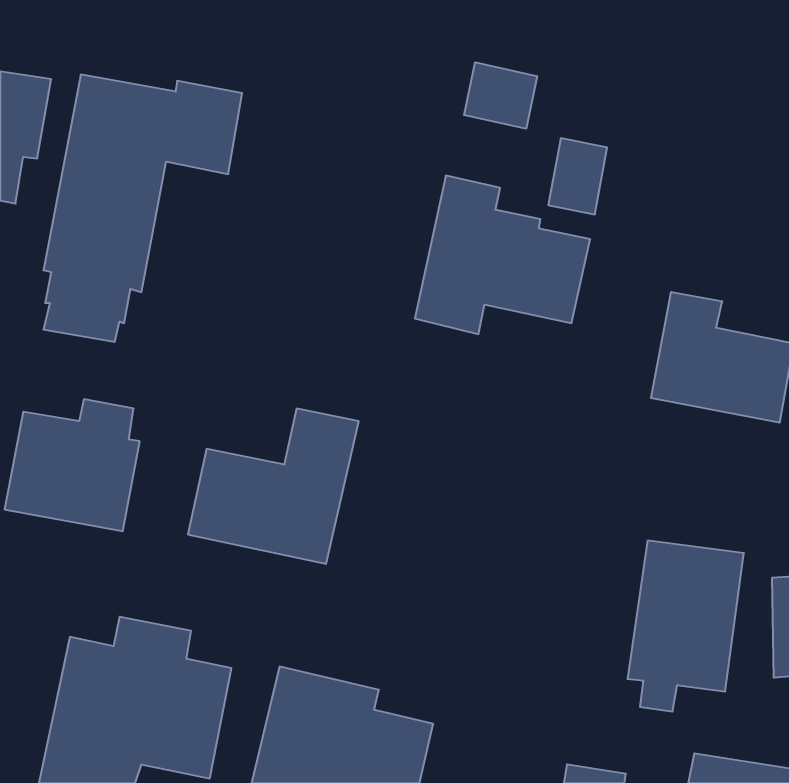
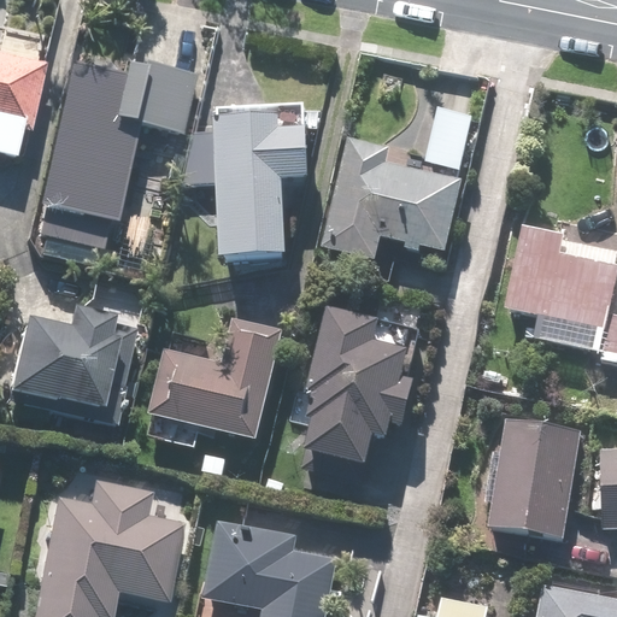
building: [464,62,537,129] -> none
building: none -> [189,104,307,262]
building: none -> [307,310,413,462]

